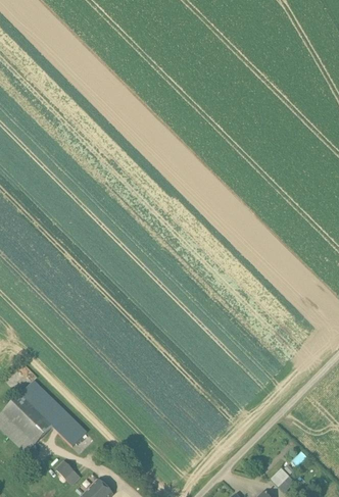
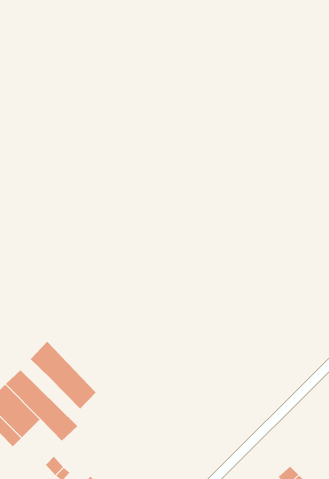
building: none -> [30,341,97,410]

